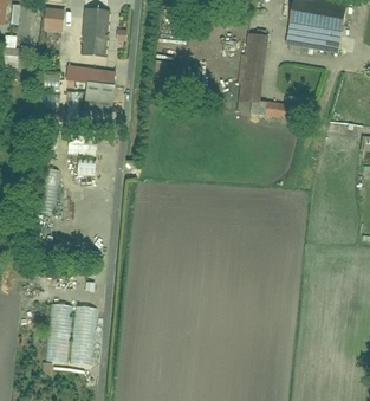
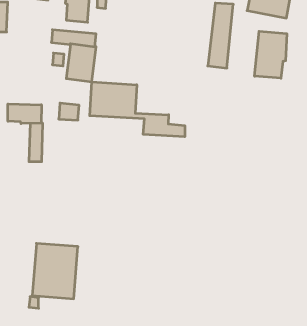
building: none -> [255,31,287,78]
building: none -> [90,82,185,137]
building: none -> [8,104,41,124]

